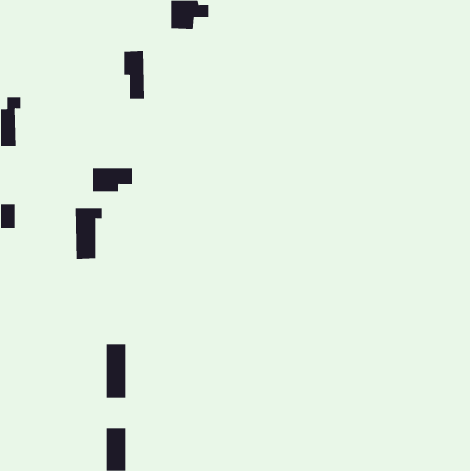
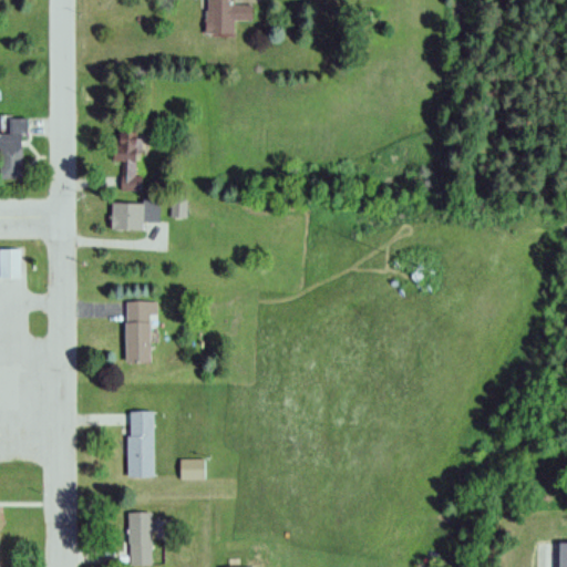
building: [124,50,145,99] -> [115,132,141,190]
building: [75,208,103,259] -> [125,302,158,364]
building: none -> [181,460,207,482]

